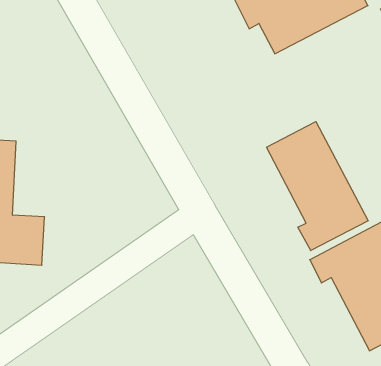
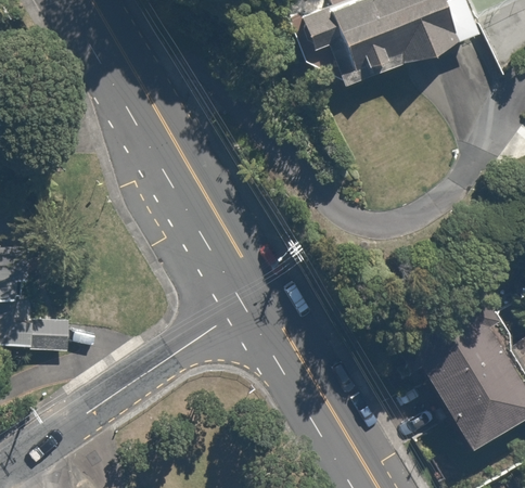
building: [267,122,368,251] -> none

